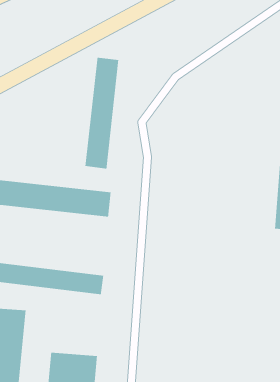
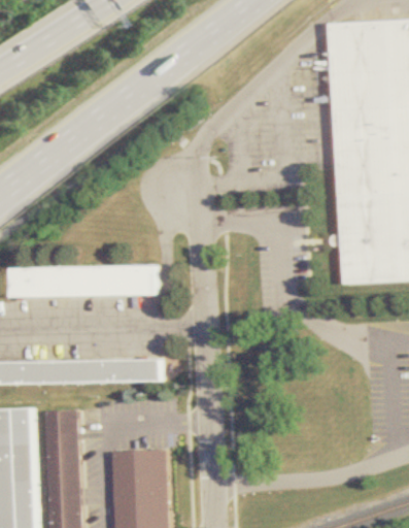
building: [84,57,119,169] -> none

